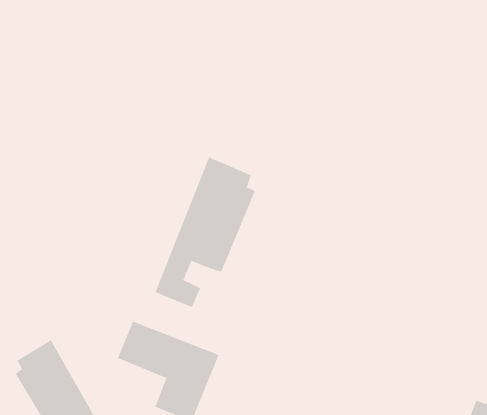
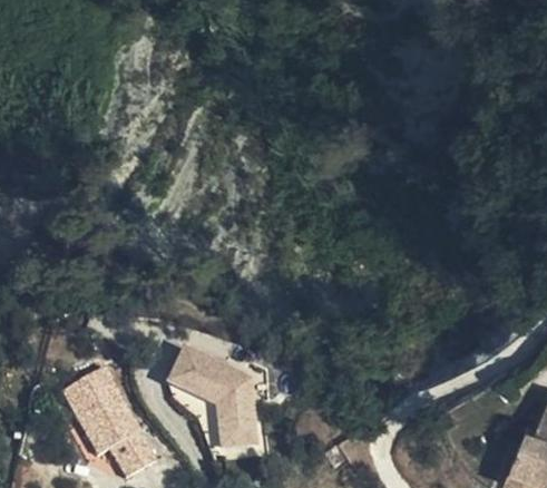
building: [155,157,256,308] -> none

